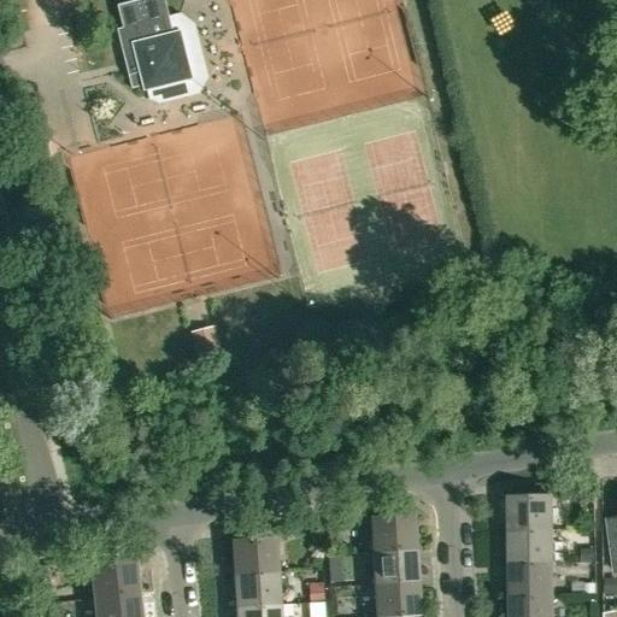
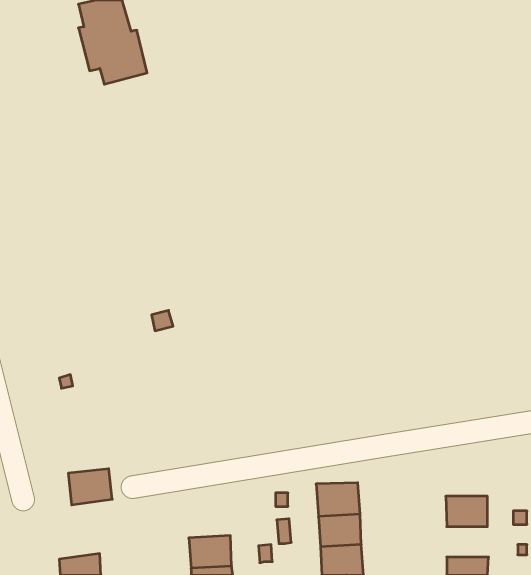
building: [509,498,553,531] -> none
building: [233,540,278,576] -> none
building: [92,560,139,599] -> [68,469,112,505]
building: [510,564,554,597] -> none

